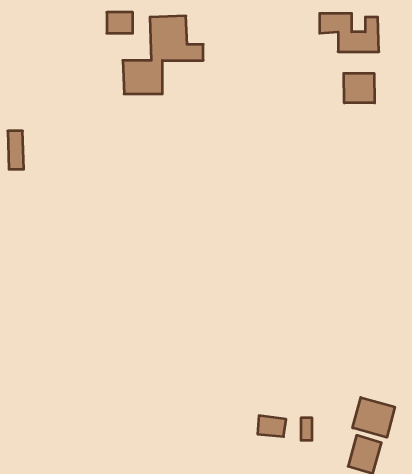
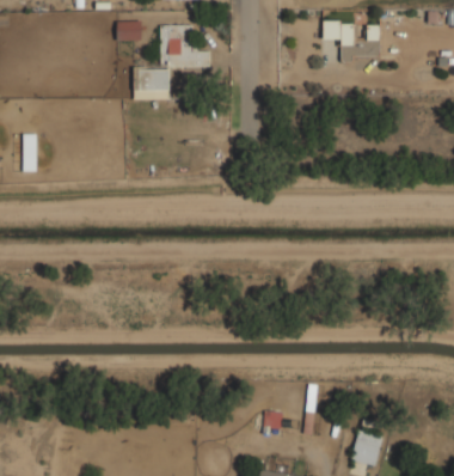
building: [344,73,375,103] -> none
building: [353,397,395,437] -> none

